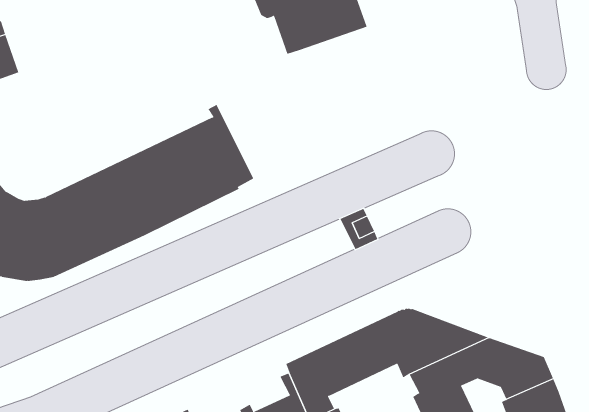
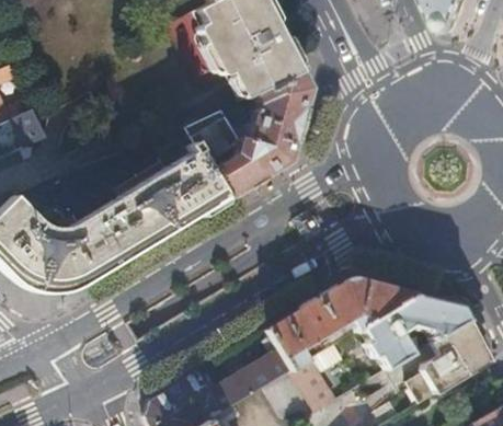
building: none -> [184,71,309,197]

